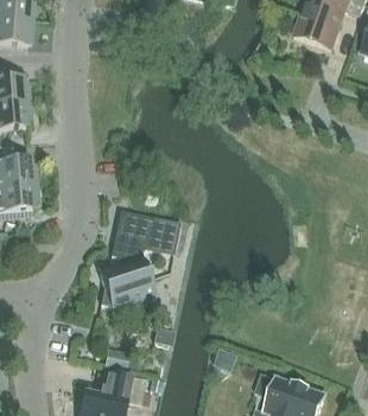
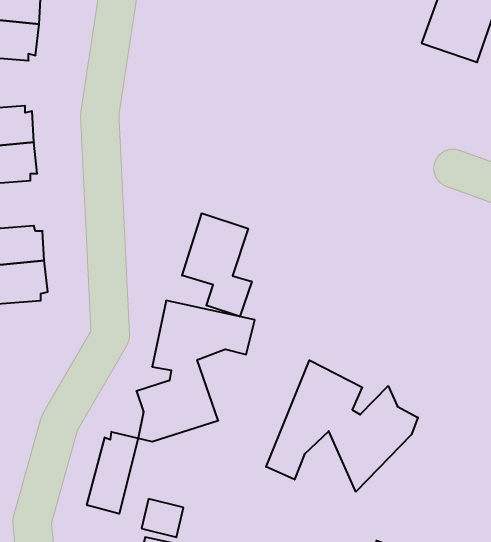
building: none -> [182,213,252,317]
building: none -> [266,360,418,492]
building: none -> [87,432,138,514]

